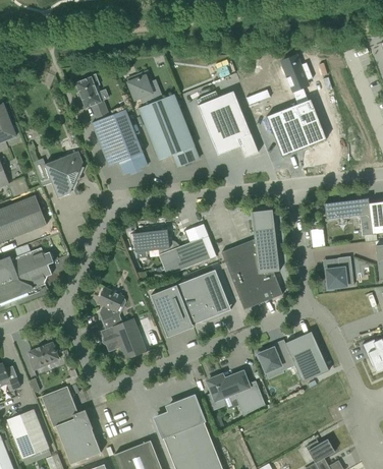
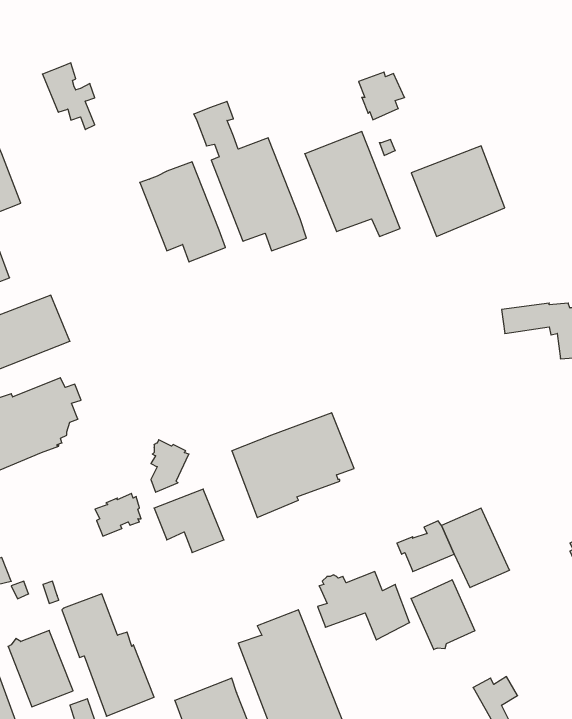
building: [283,61,313,92] -> [359,72,405,120]
building: [75,75,109,118] -> [42,63,95,130]
building: [33,151,84,197] -> none
building: [221,219,282,309] -> none
building: [132,229,211,275] -> none
building: [325,255,353,290] -> none
building: [29,342,58,369] -> [95,493,141,536]
building: none -> [411,580,475,650]

